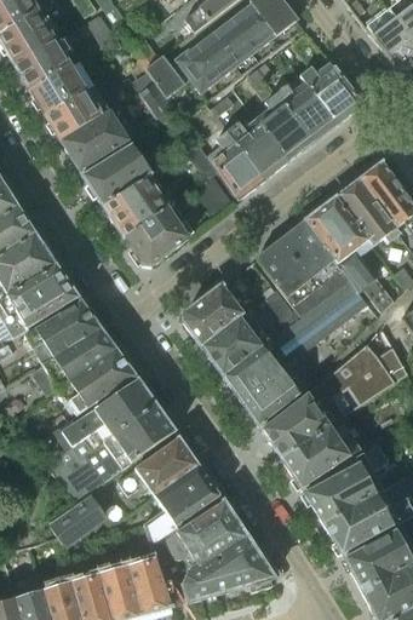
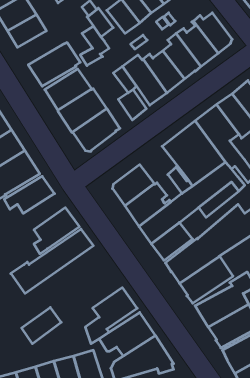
building: [45,84,110,137] -> none
building: [53,326,115,379] -> none
building: [56,402,176,500] -> none
building: [119,436,199,494] -> none

